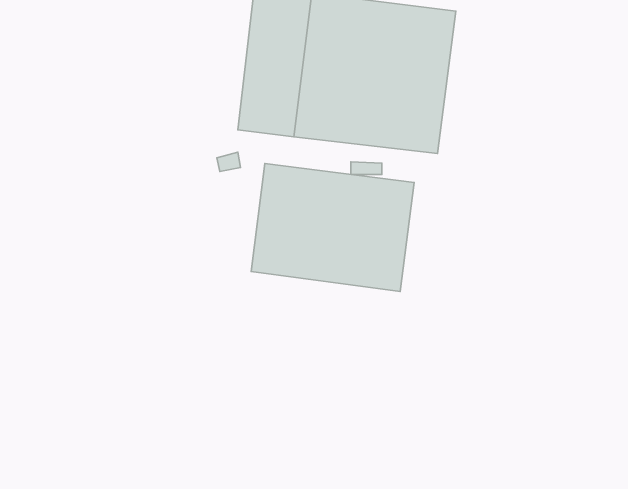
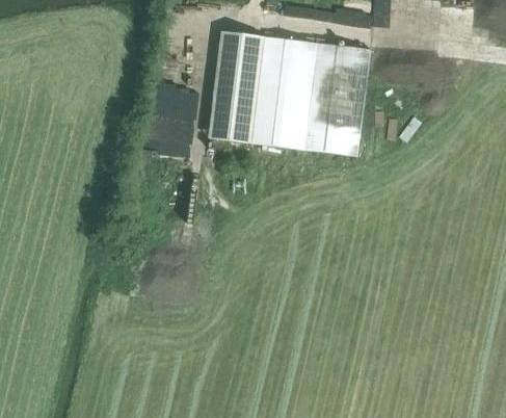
building: [251,164,414,292] -> none

